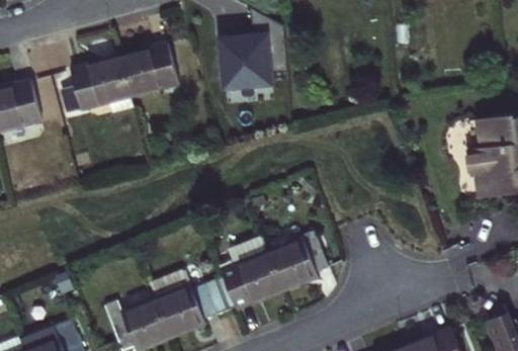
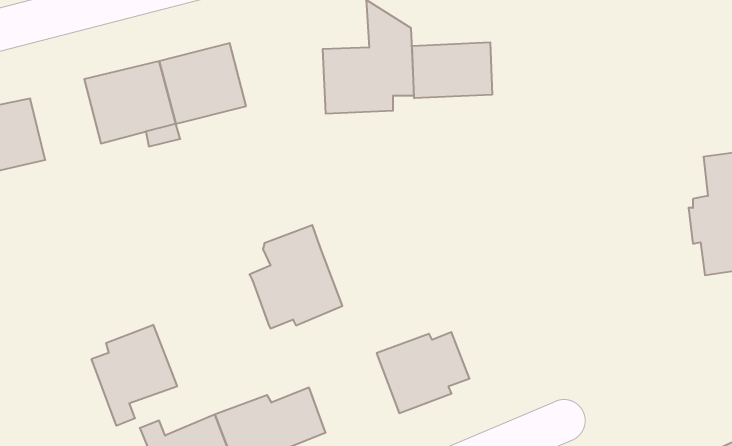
building: none -> [412,42,492,98]
building: none -> [92,325,177,426]
building: [213,239,276,309] -> [249,225,342,328]

